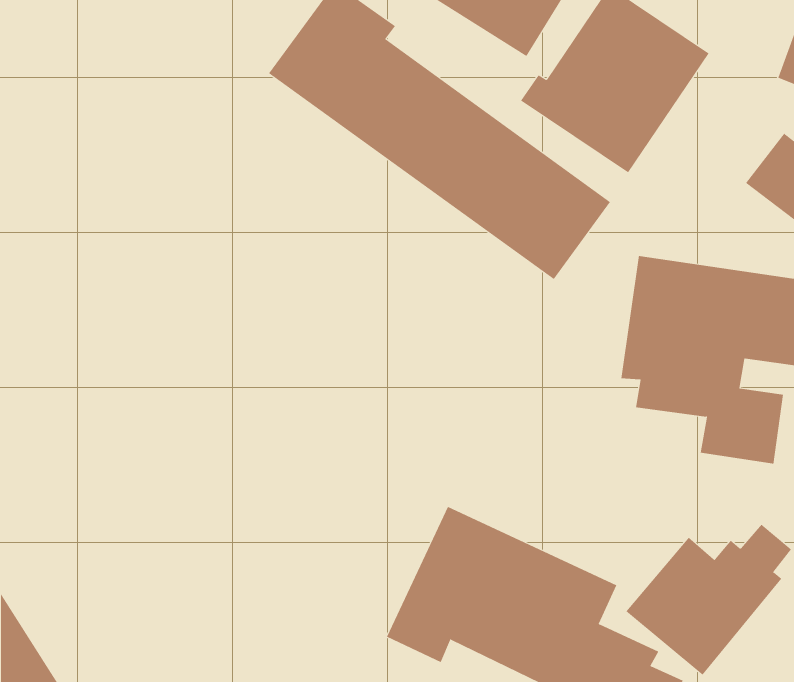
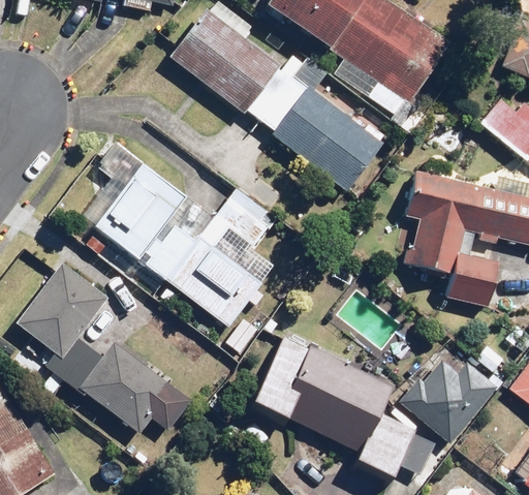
building: none -> [85,141,274,328]
building: none -> [15,260,193,436]

